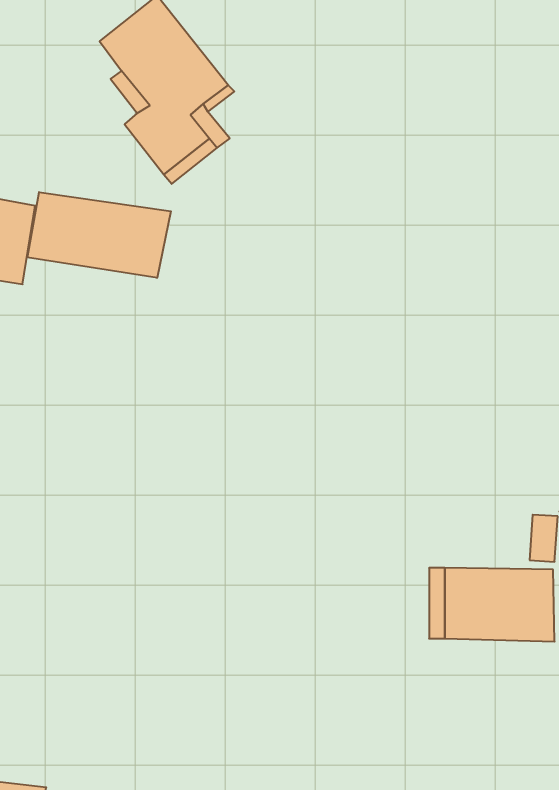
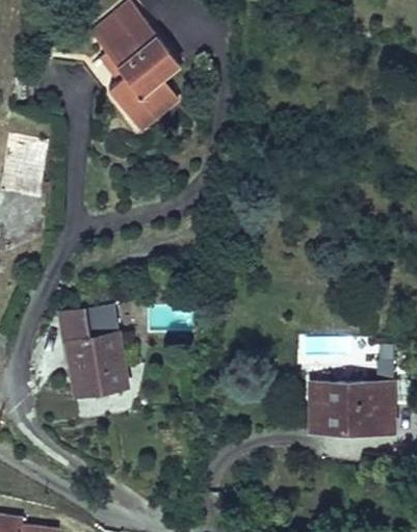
building: [27,192,171,278] -> none
building: none -> [62,309,127,395]

